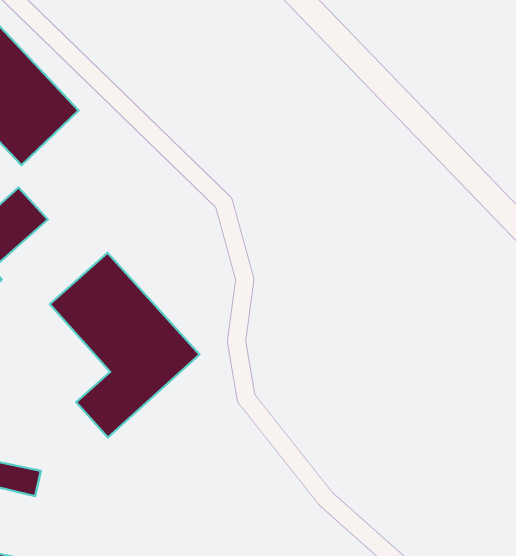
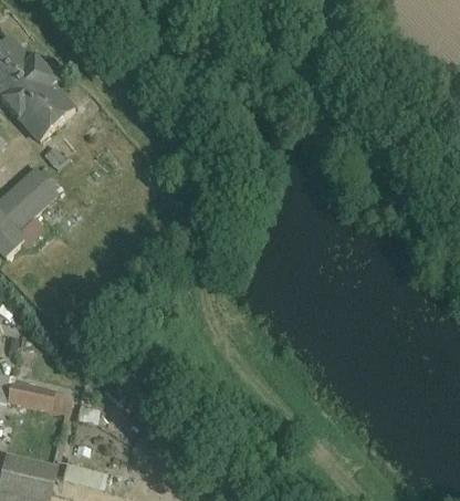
building: [50,253,200,438] -> none

